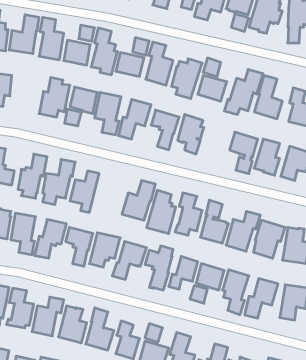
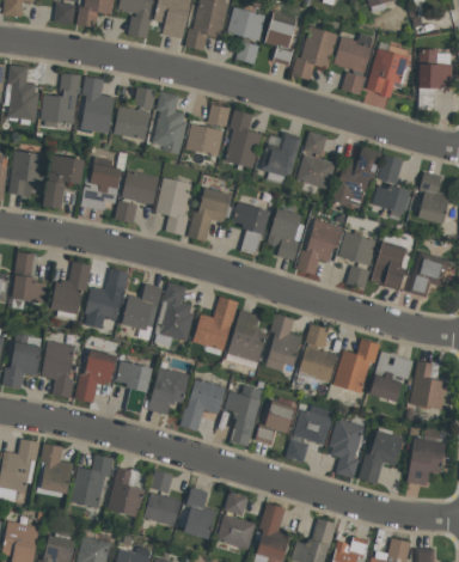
building: none -> [43,154,85,208]
building: none -> [296,219,343,273]
building: none -> [154,282,194,341]

